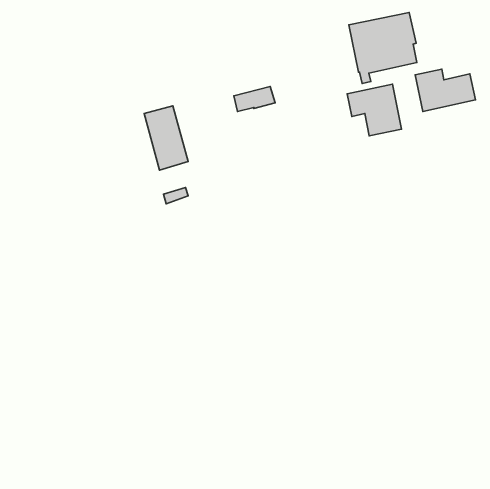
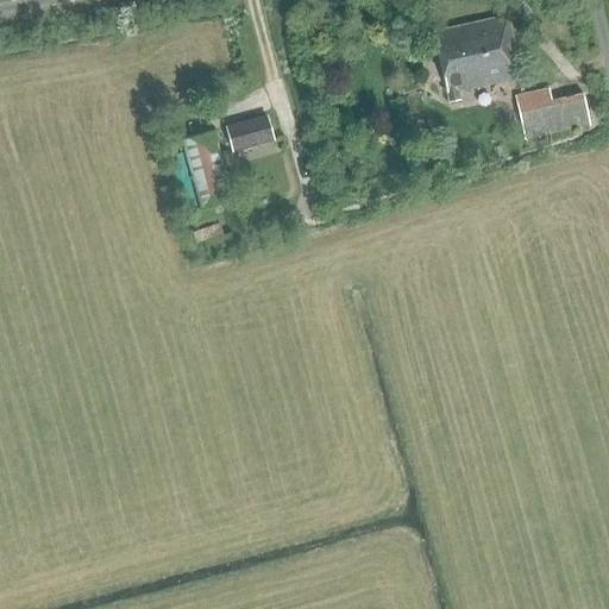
building: [347,84,402,136] -> none
building: [234,86,275,111] -> [225,115,276,146]

